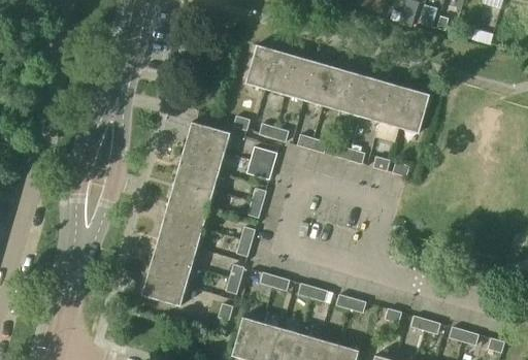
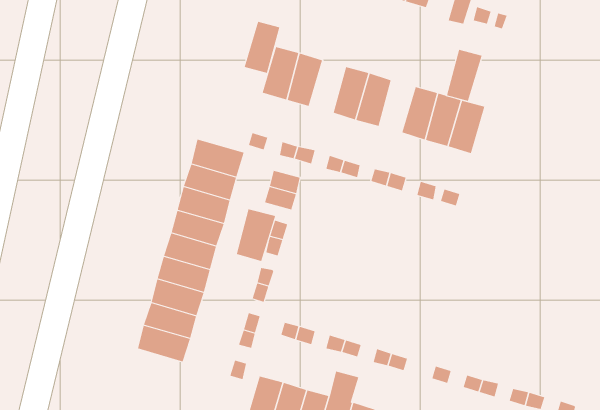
building: [284,56,314,99] -> [244,21,280,73]
building: [341,72,371,116] -> [446,49,482,102]
building: none -> [236,208,276,262]

